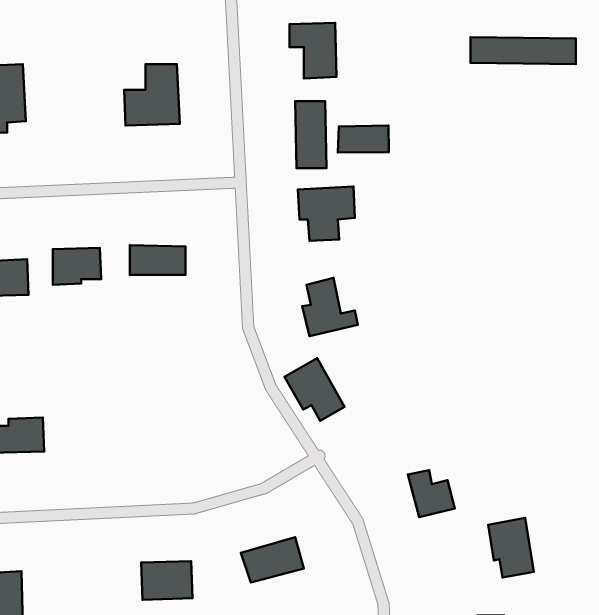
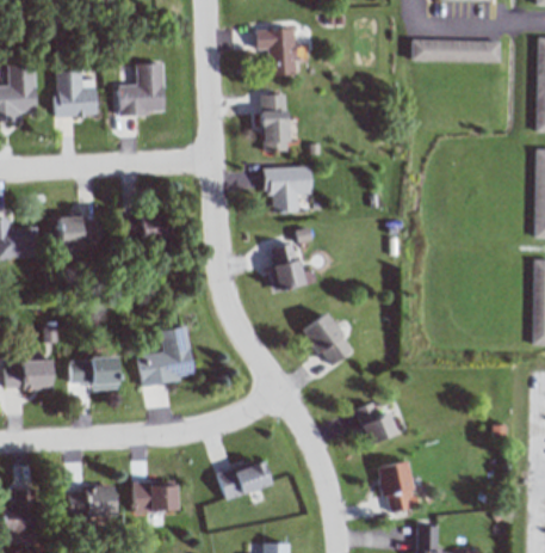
building: none -> [57,70,98,116]
building: [338,125,389,152] -> none
building: [285,358,344,421] -> [303,313,353,365]
building: none -> [140,327,196,386]
building: none -> [72,358,119,389]
building: [488,518,534,578] -> [378,461,416,511]
building: none -> [69,487,117,517]

